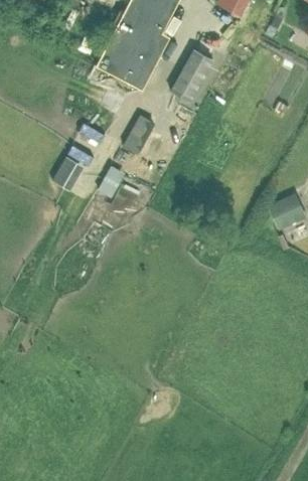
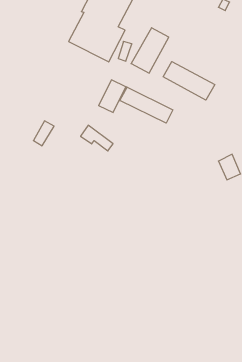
building: none -> [163,62,215,100]
building: none -> [120,87,173,123]

